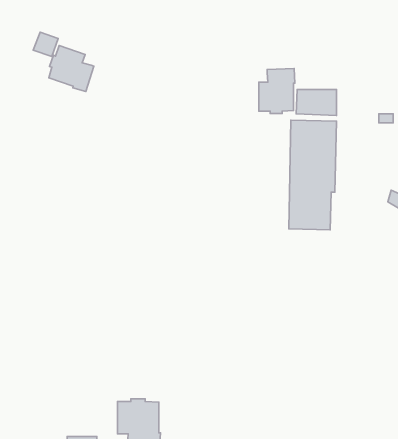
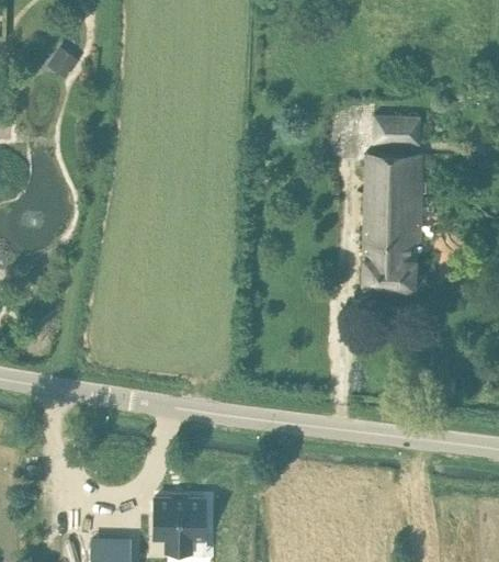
building: [49,46,94,92] -> none
building: [259,69,295,114] -> none

